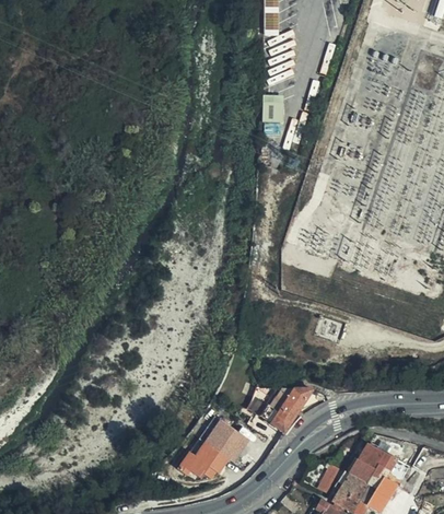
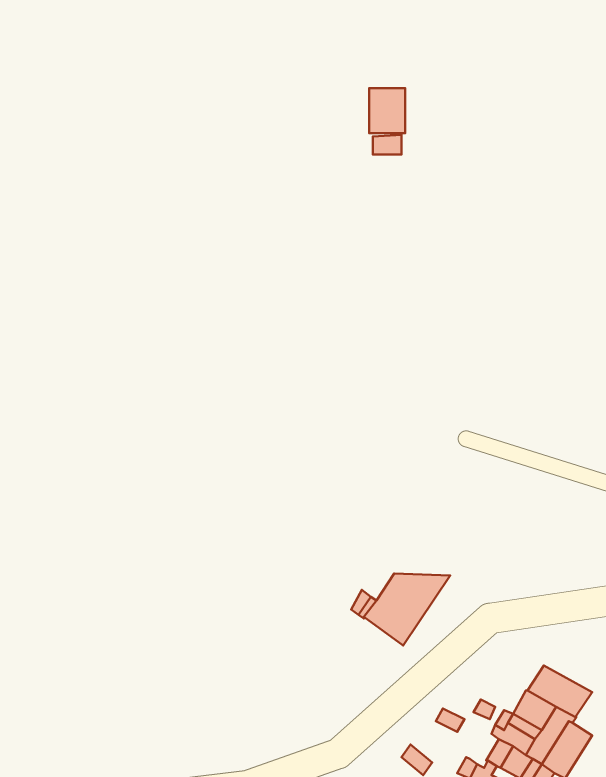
building: [177,417,250,481] -> none

